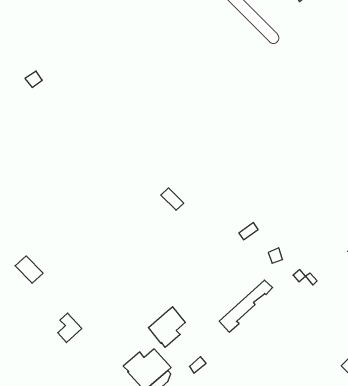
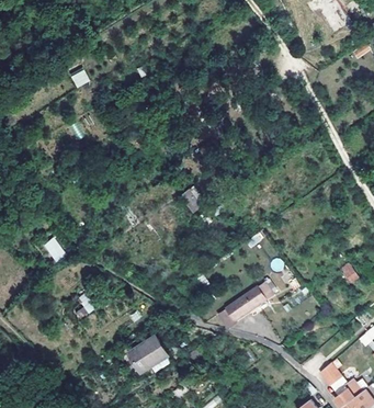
building: [148,307,185,347] -> none

